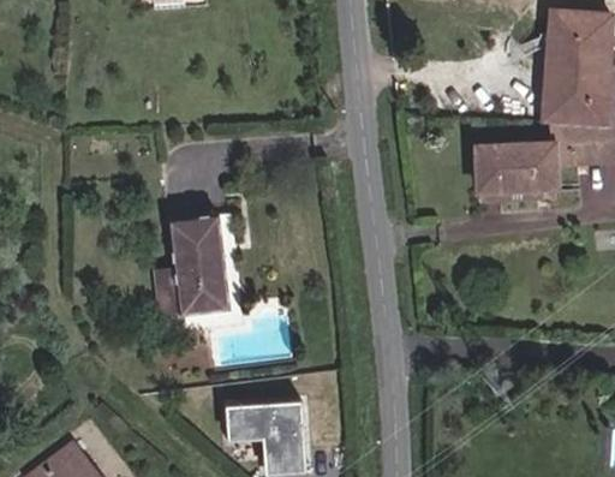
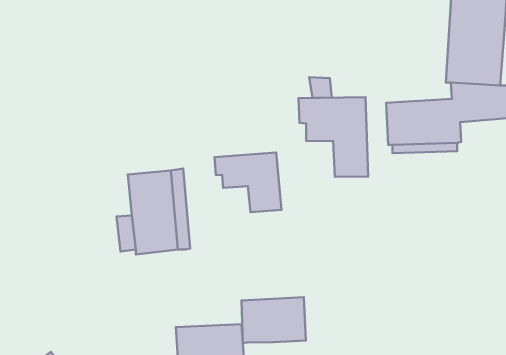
building: none -> [299,97,368,177]
building: none -> [214,152,281,212]
building: none -> [242,297,306,343]

